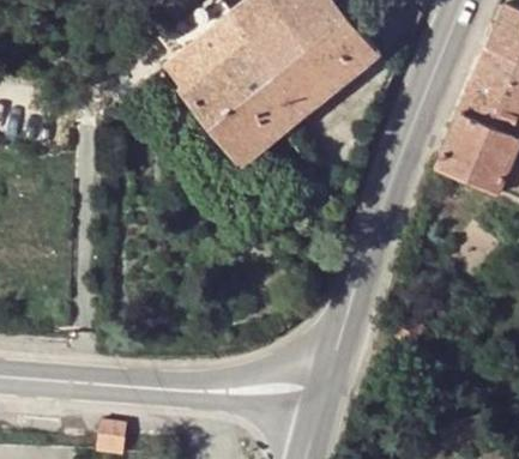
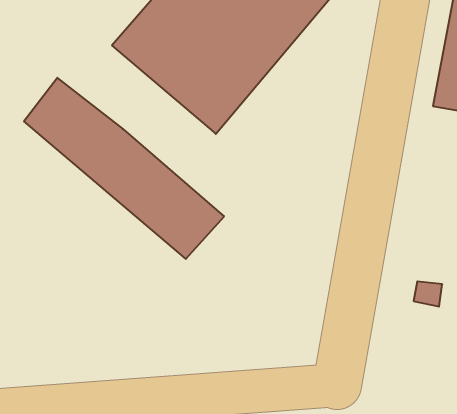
building: none -> [24,78,224,259]

